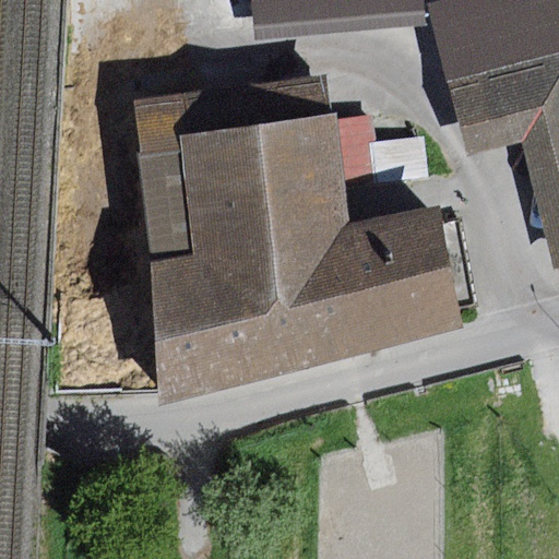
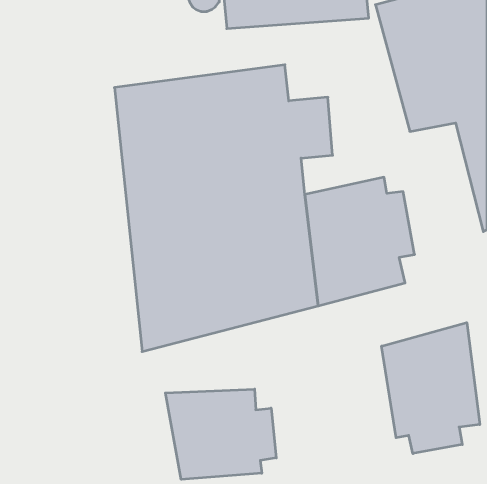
building: none -> [382,323,480,454]
building: none -> [165,389,276,479]

